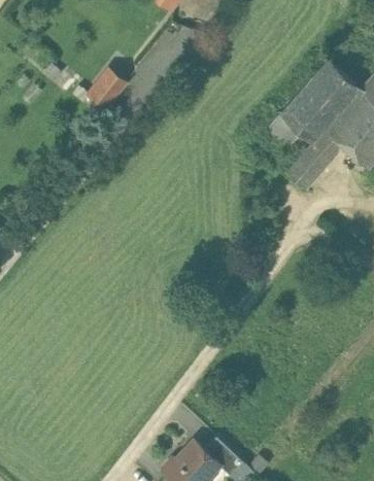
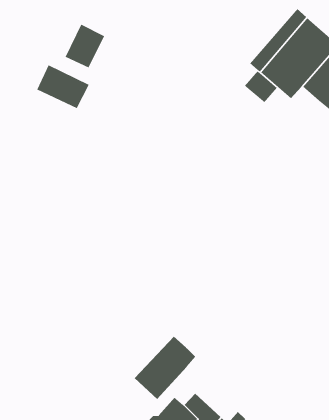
building: none -> [36,64,90,109]
building: [287,131,342,190] -> none
building: none -> [134,336,196,400]

